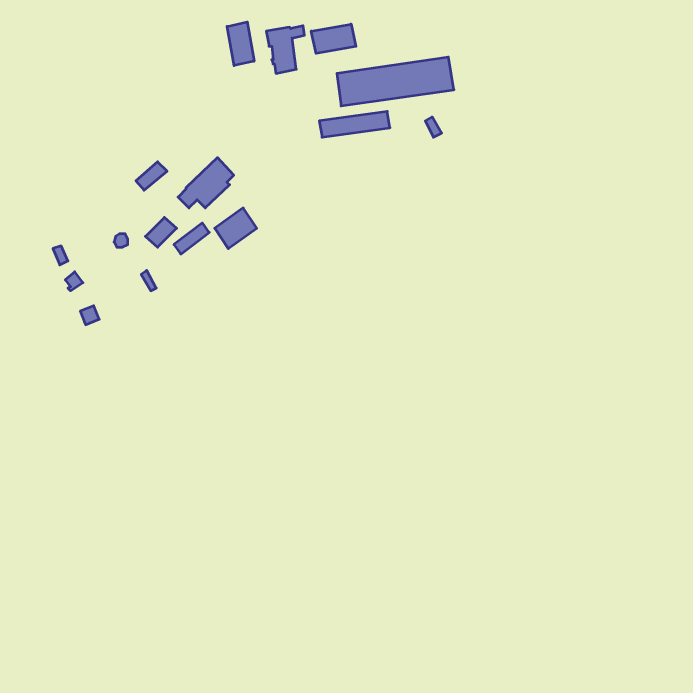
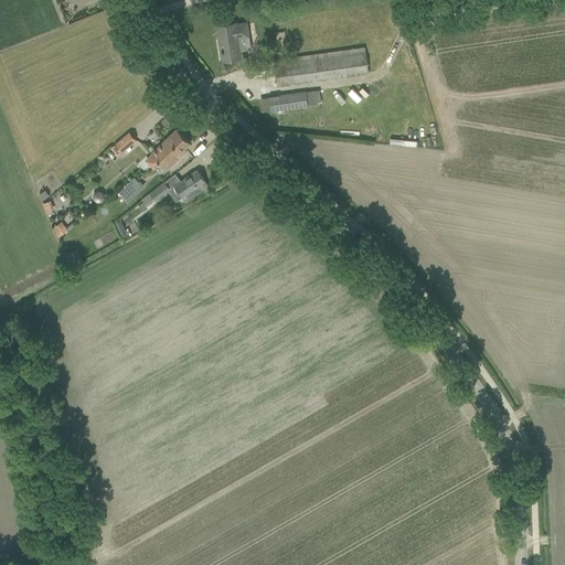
building: [227,22,254,66] -> none
building: [311,24,356,53] -> none

